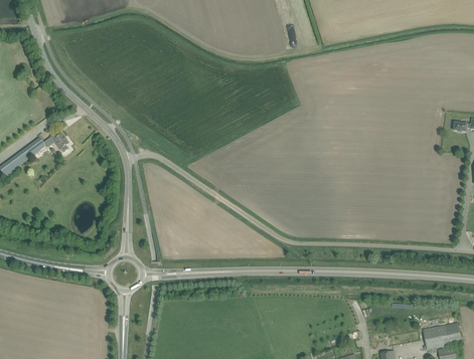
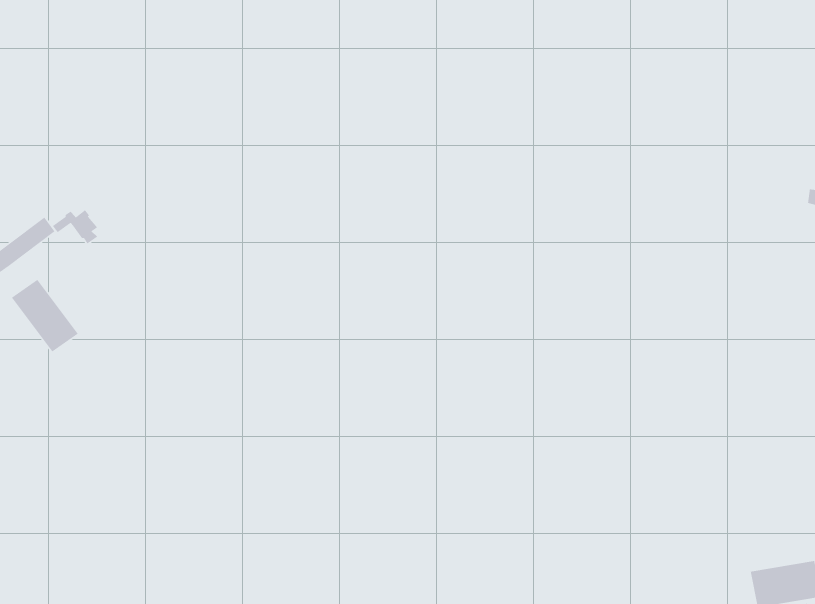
building: none -> [11,279,79,353]

